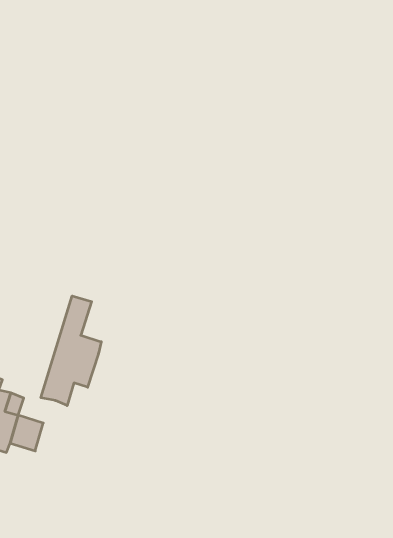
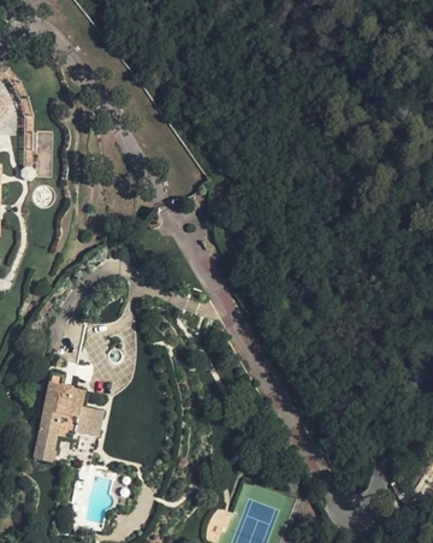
building: [41,296,101,406] -> none

